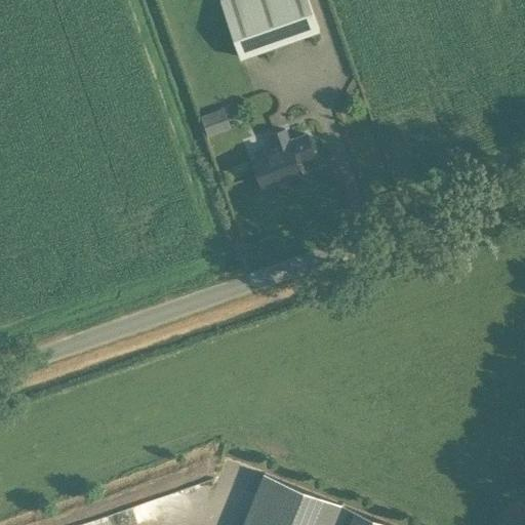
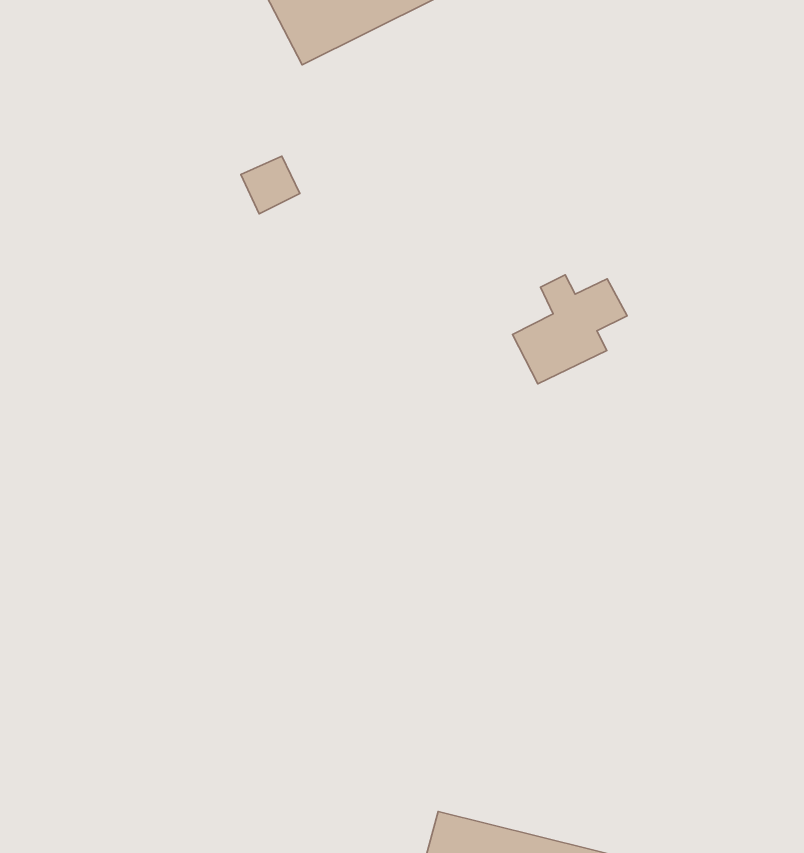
building: [251,132,315,190] -> [512,275,627,384]

